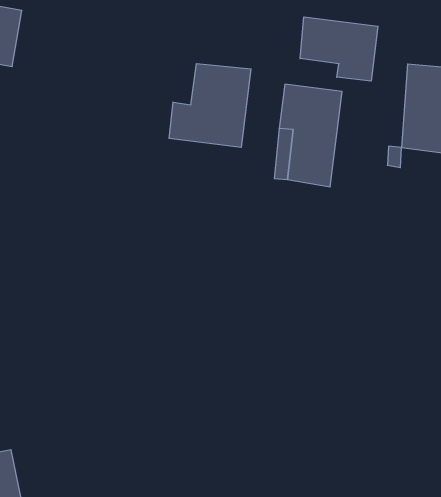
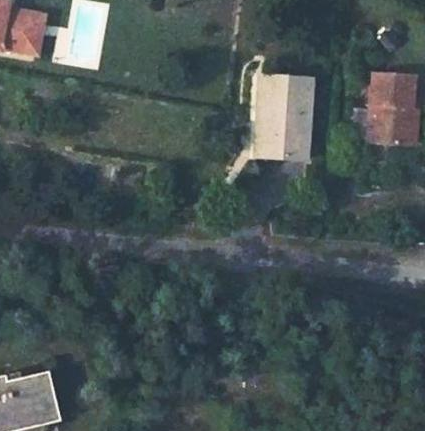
building: [300,17,378,81] -> none
building: [169,64,251,147] -> none

